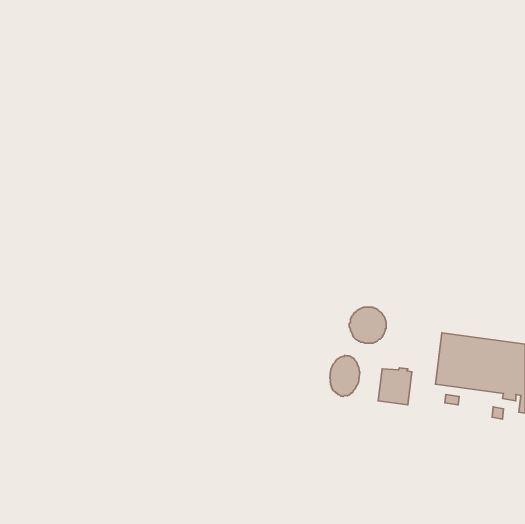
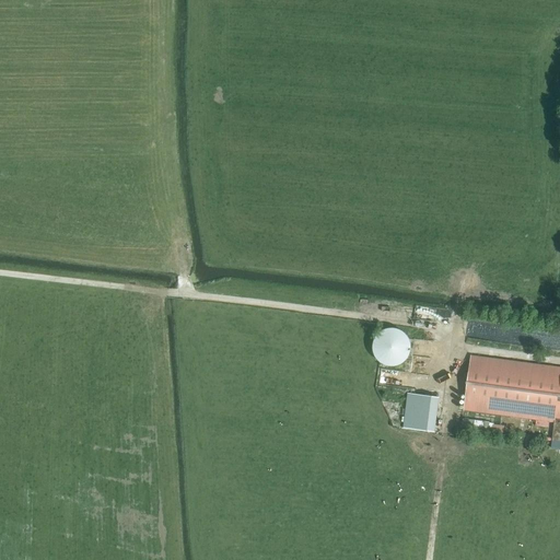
building: [330,355,360,396] -> none

